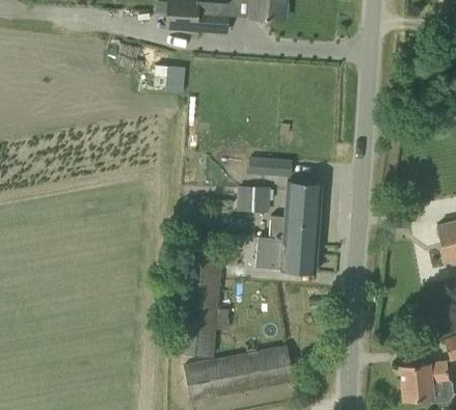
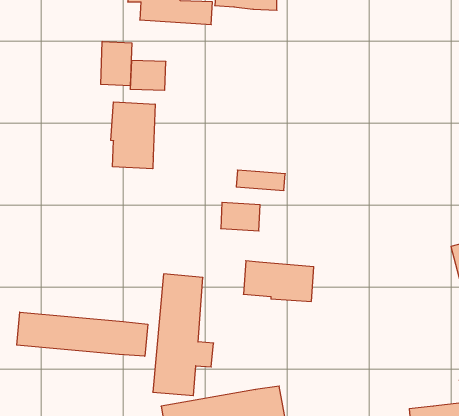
building: none -> [101,41,132,86]
building: none -> [111,102,155,169]
building: [269,181,321,243] -> none
building: none -> [17,312,148,356]

